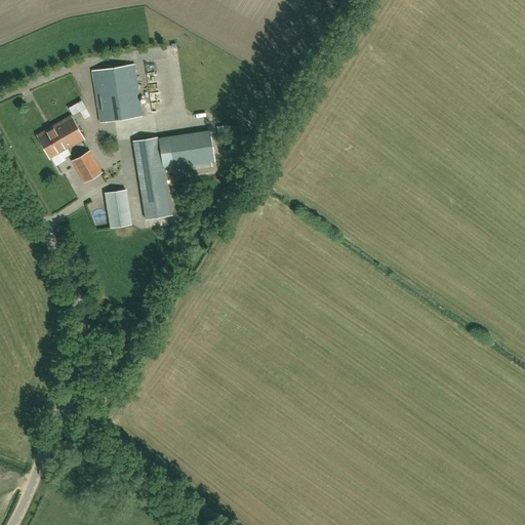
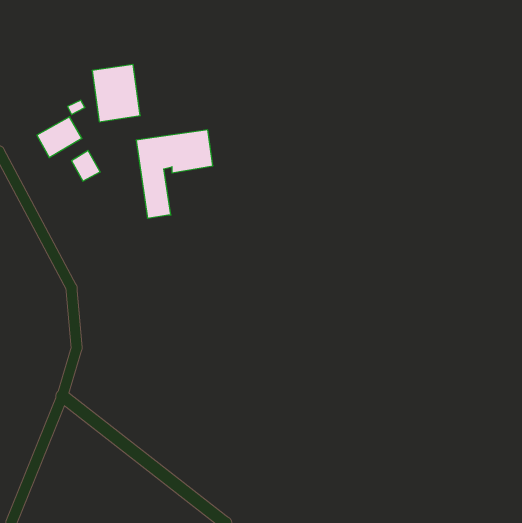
building: [104,190,130,228] -> none

